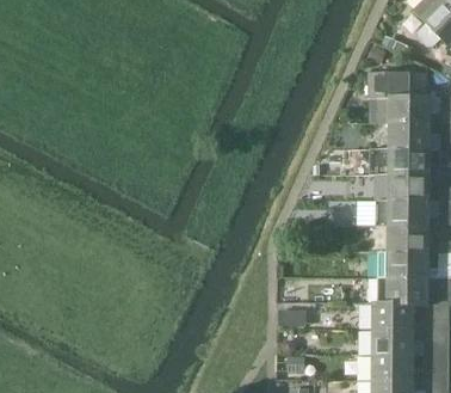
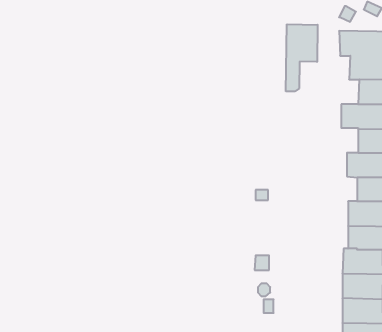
building: none -> [286,24,318,91]

